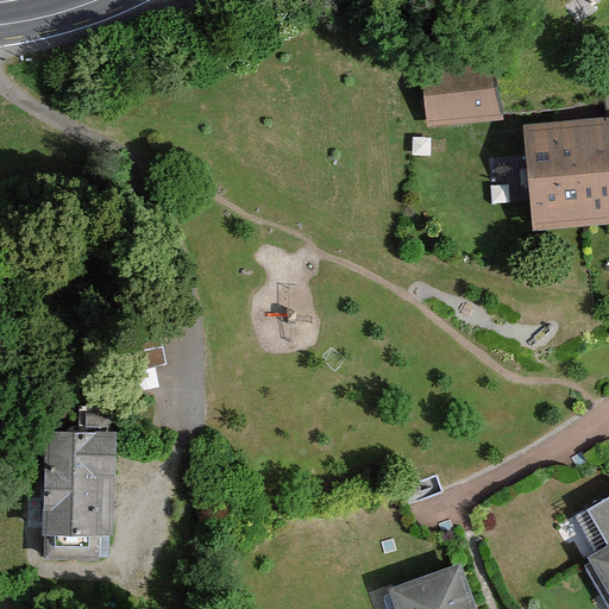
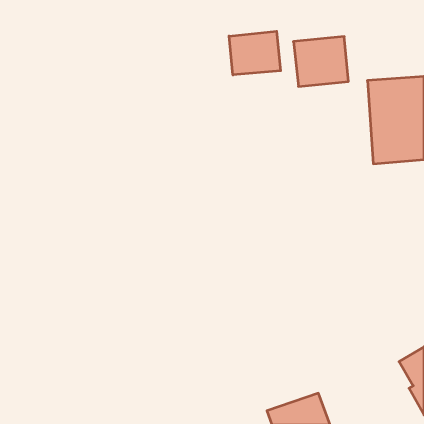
building: none -> [229,31,281,75]
building: [46,432,115,563] -> none

